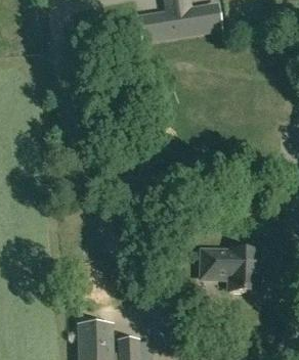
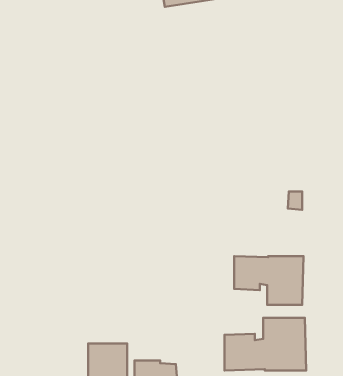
building: none -> [225,318,306,371]

